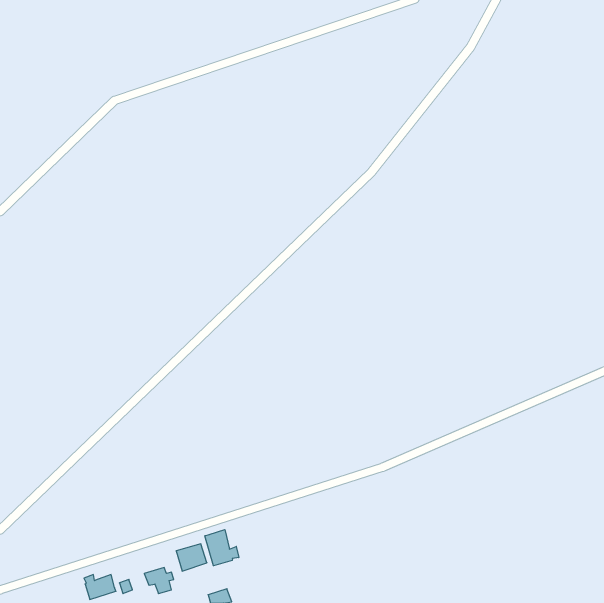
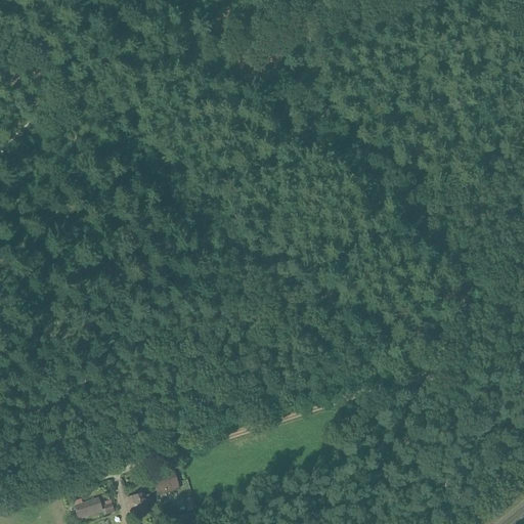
building: [205,530,239,566] -> none

